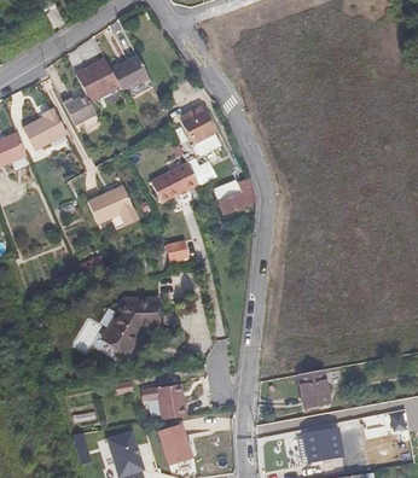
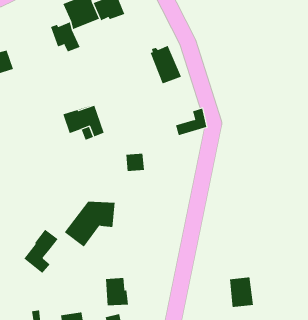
building: [23,107,66,150] -> none
building: [150,161,198,203] -> none
building: none -> [23,229,58,274]

